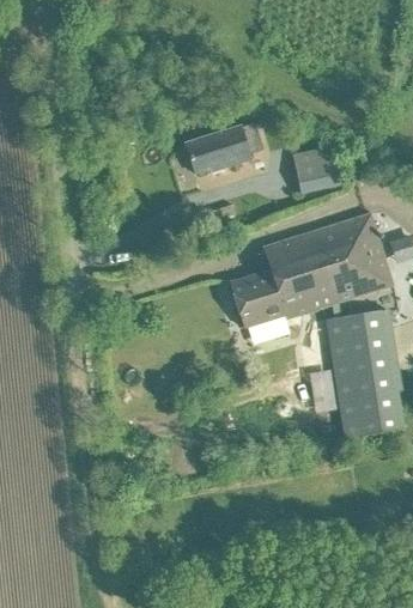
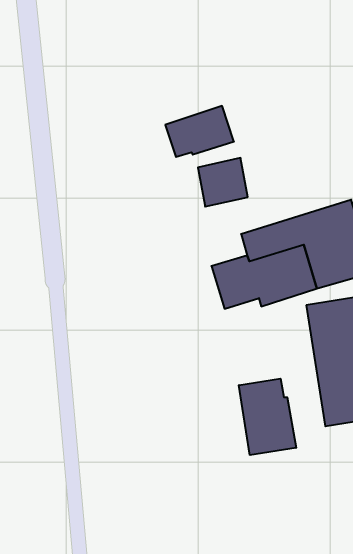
building: [293,142,344,191] -> [198,158,248,207]
building: none -> [239,379,296,455]

